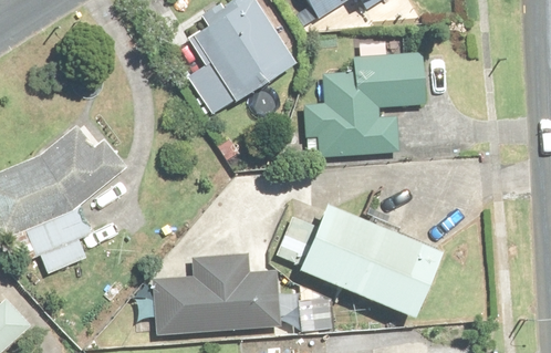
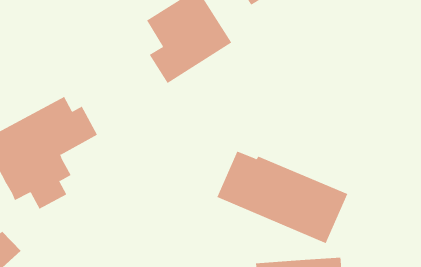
building: [305,45,426,157] -> none
building: [139,256,306,338] -> none

